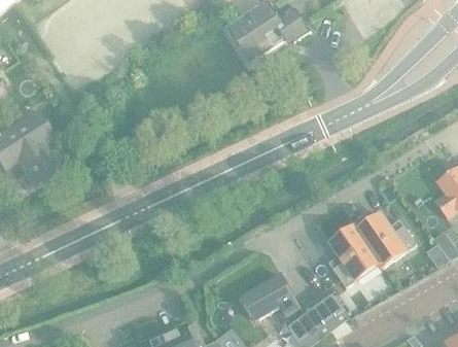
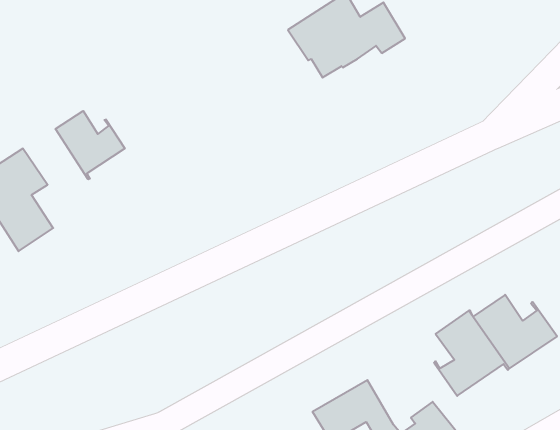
building: none -> [56,111,125,179]

